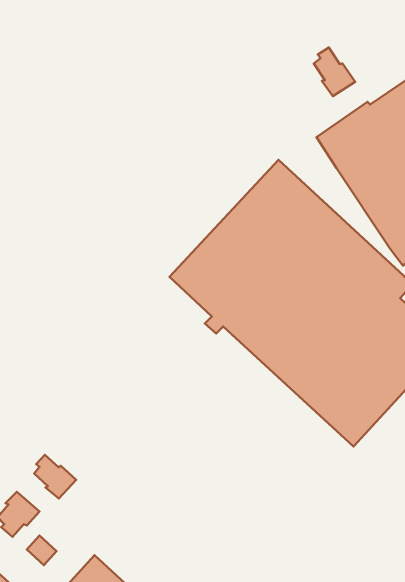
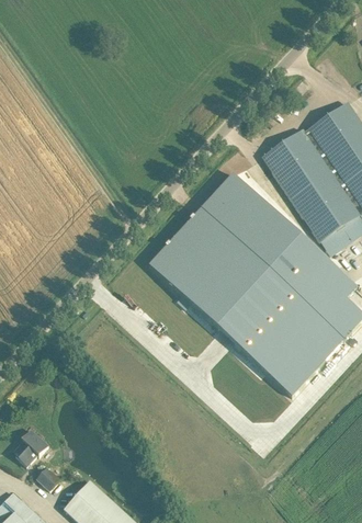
building: [314,47,355,96] -> none
building: [34,455,76,498] -> none

